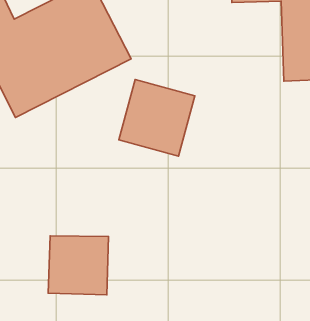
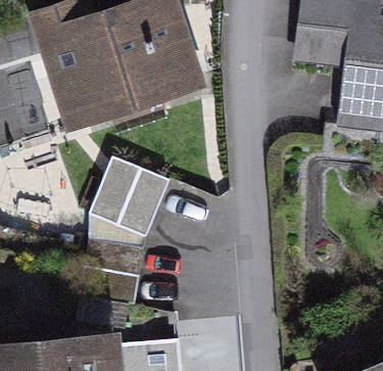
building: [119,79,195,156] -> [90,160,170,241]

